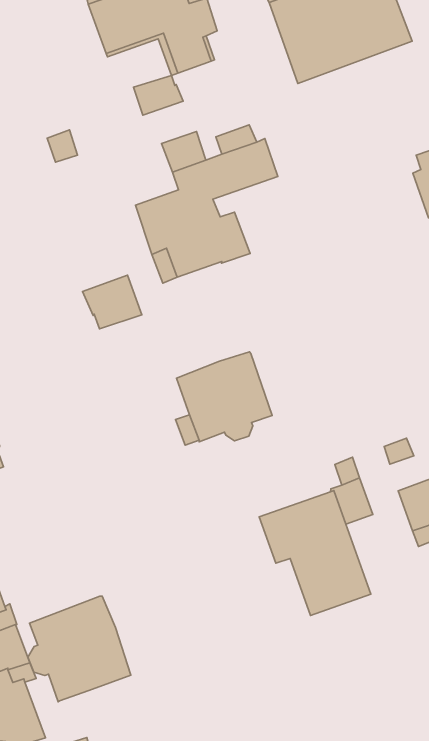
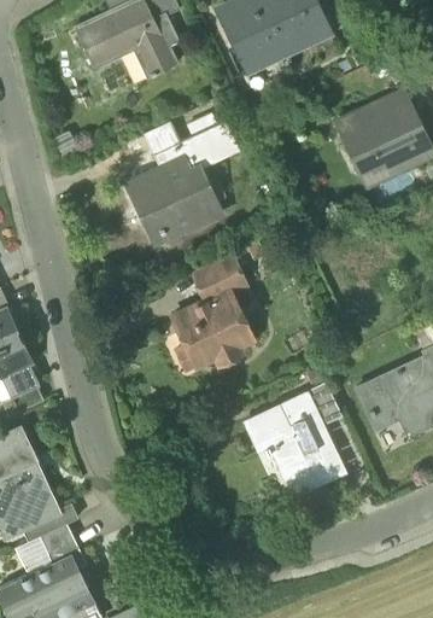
building: [133,75,183,115] -> none
building: [83,275,142,329] -> none
building: none -> [193,253,246,301]
building: [28,596,131,702] -> none

